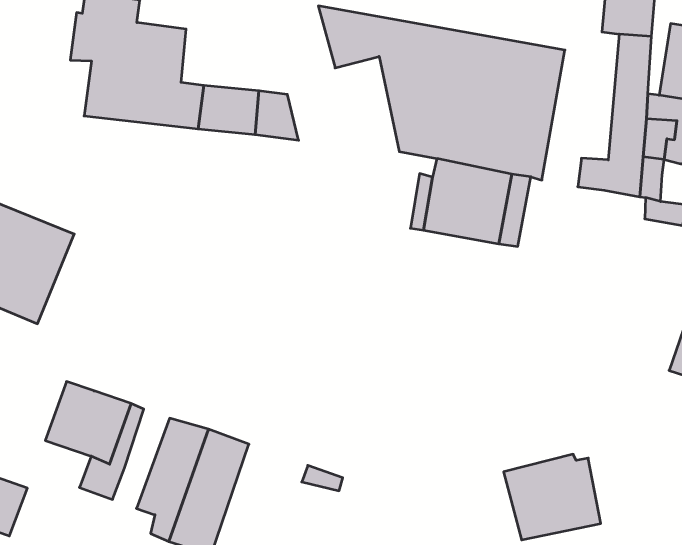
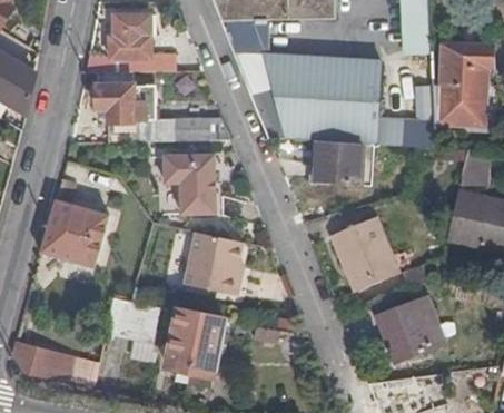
building: none -> [165,154,217,214]
building: none -> [186,230,245,294]
building: none -> [328,214,397,291]

